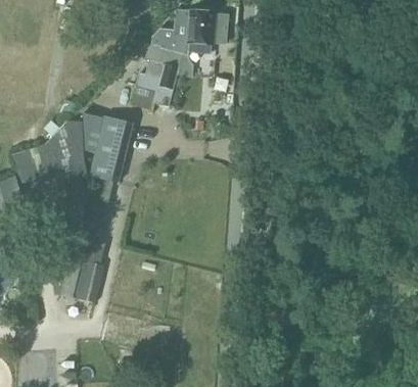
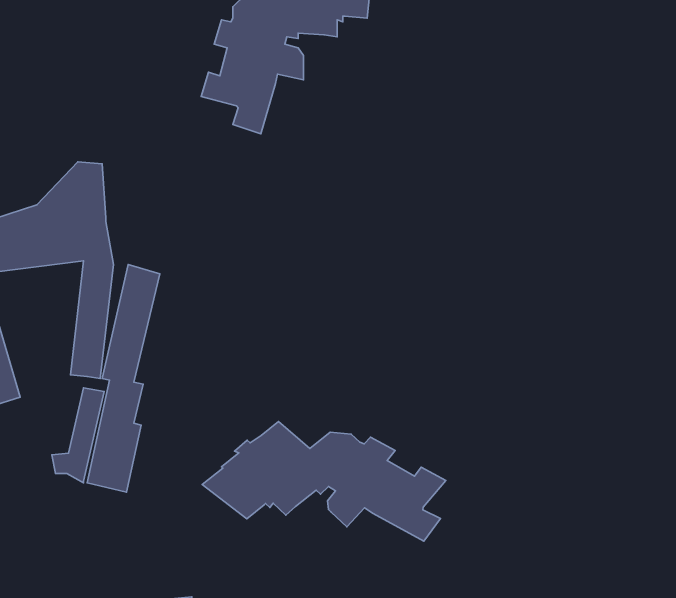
building: [82,112,132,183] -> none
building: none -> [202,421,446,541]

